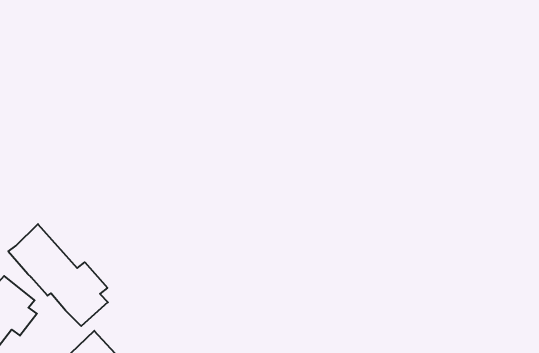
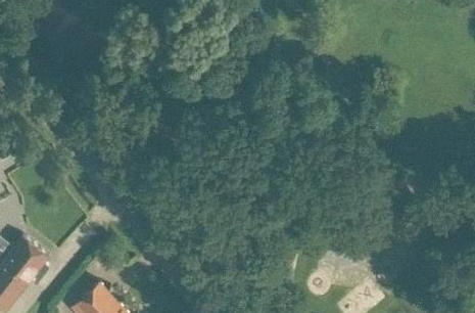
building: [8,224,108,326] -> none

